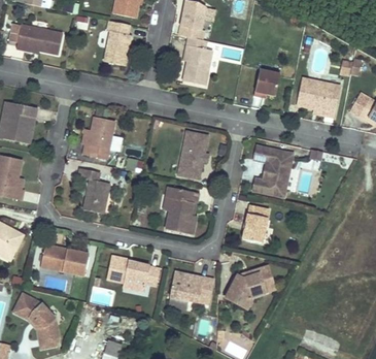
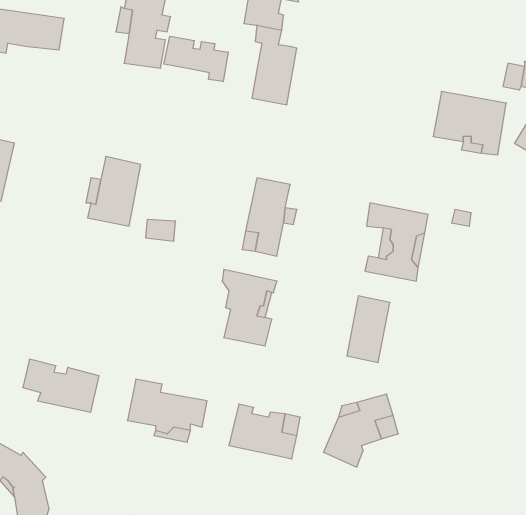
building: none -> [164,36,228,82]
building: [252,68,278,100] -> none
building: [80,169,108,214] -> none

